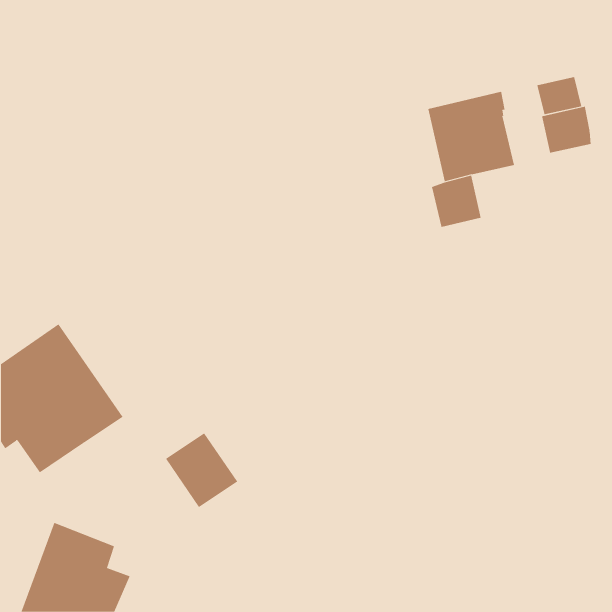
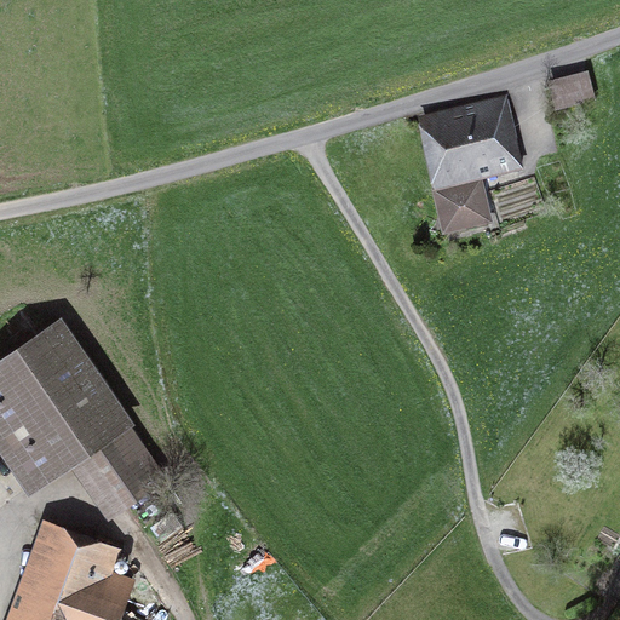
building: [542,106,591,153] -> none
building: [165,432,238,508] -> [85,421,159,498]

